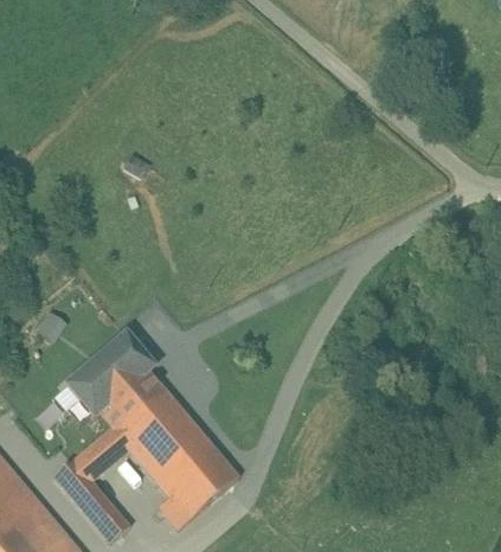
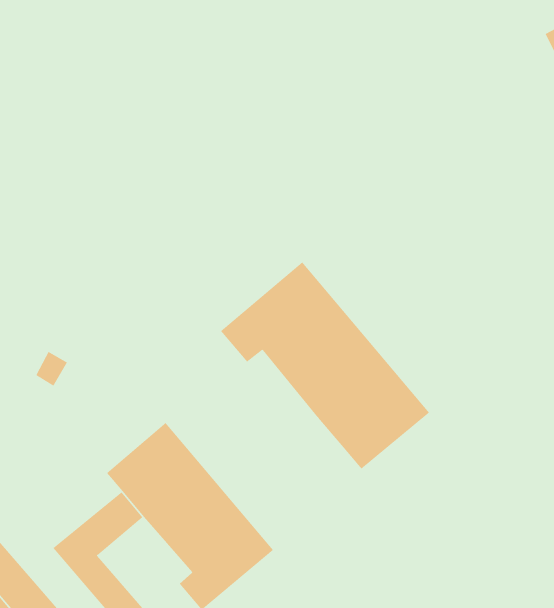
building: none -> [220,262,430,470]
building: [66,333,154,417] -> none

